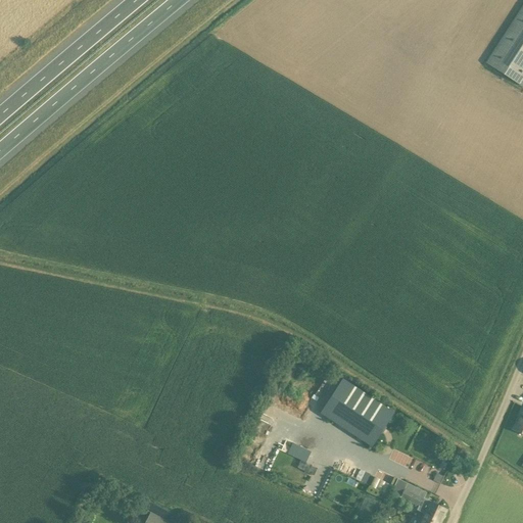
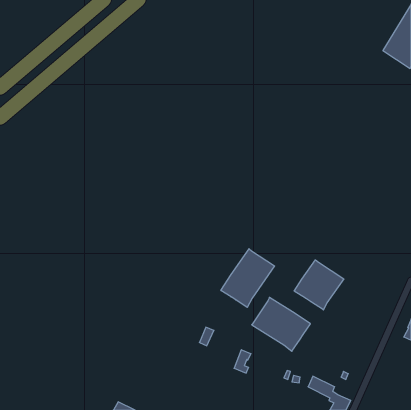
building: none -> [221,249,275,307]
building: none -> [294,260,344,310]

